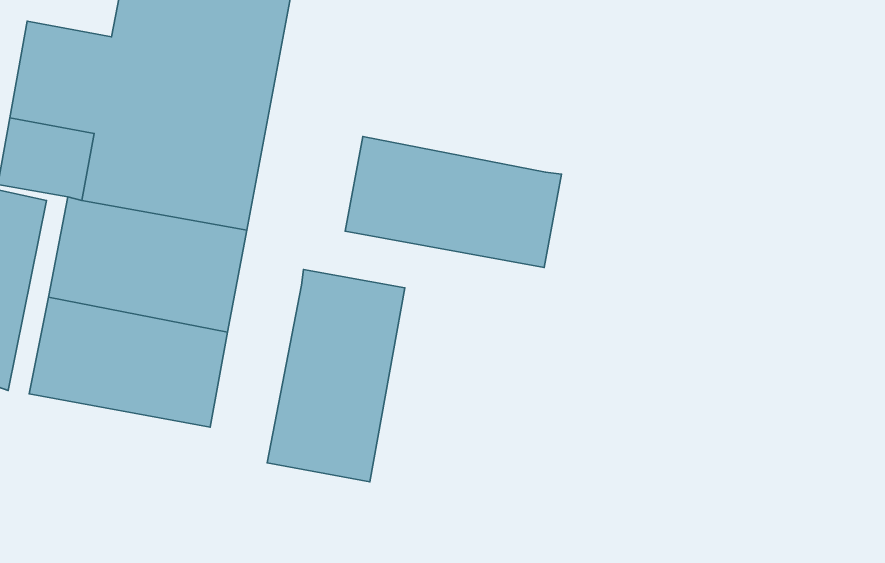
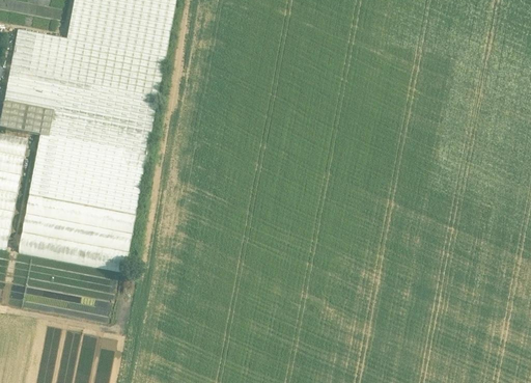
building: [345,136,561,268] -> none
building: [267,270,405,482] -> none

